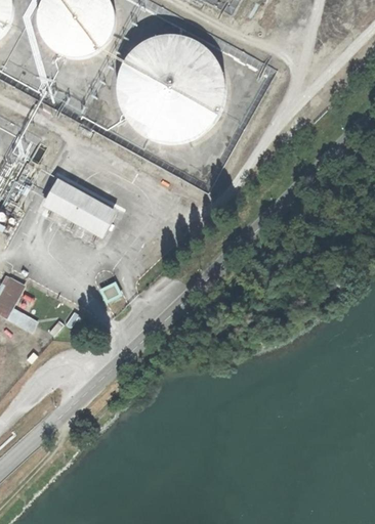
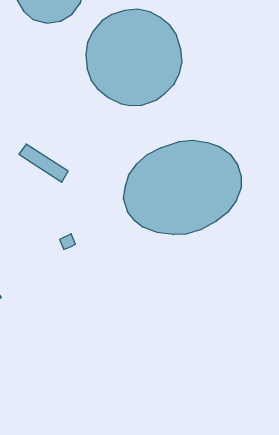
building: none -> [124,140,241,235]

